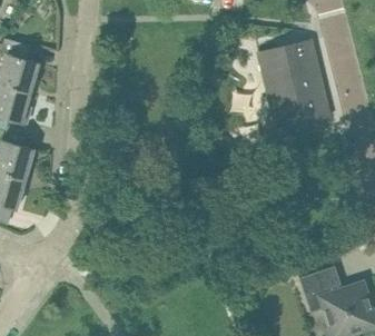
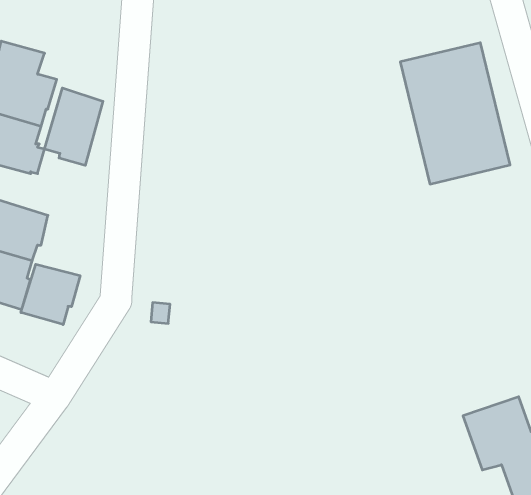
building: none -> [45,88,103,165]
building: none -> [21,264,80,325]

